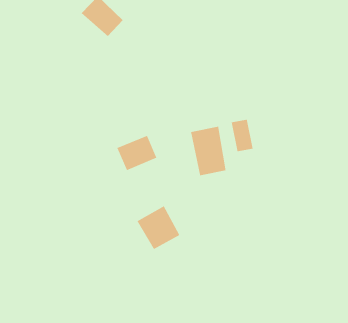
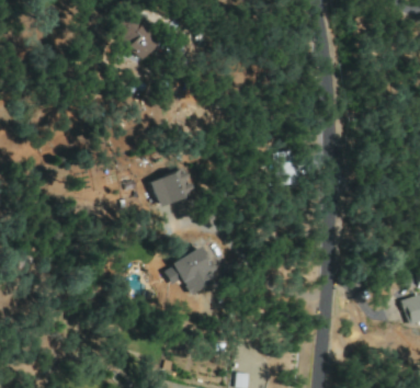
building: [190,126,226,176] -> none

